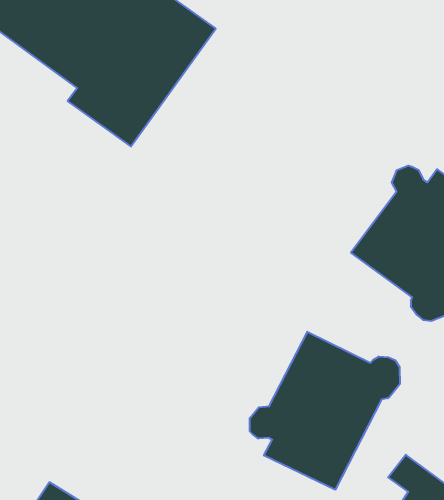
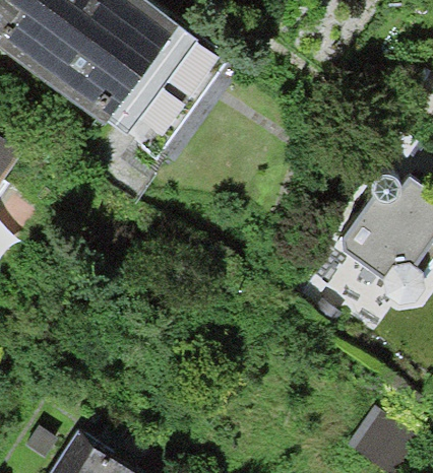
building: [250,332,400,490] -> none

